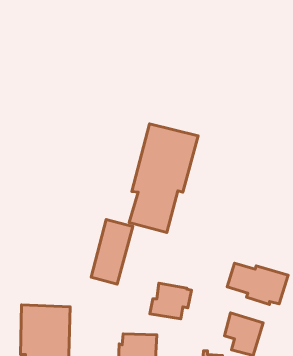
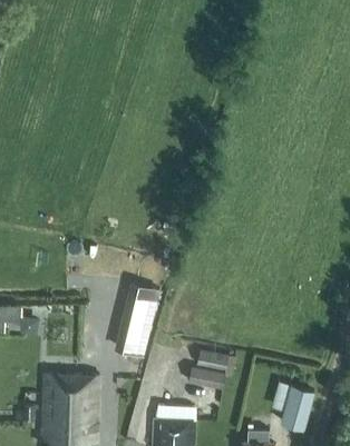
building: [129,124,198,233] -> none
building: [227,263,288,304] -> none

